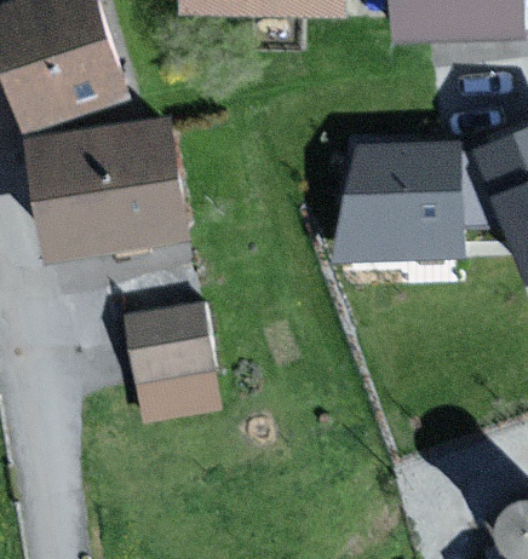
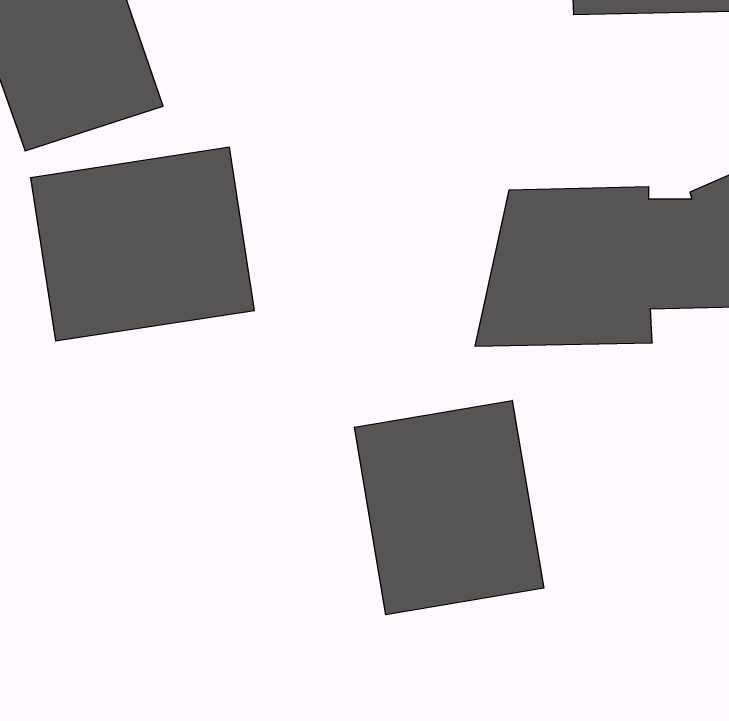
building: none -> [354,400,544,615]
building: [125,310,205,414] -> none

